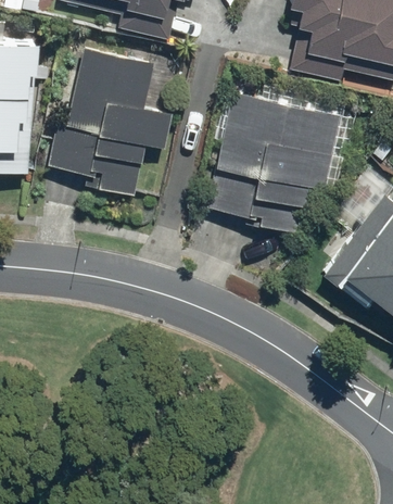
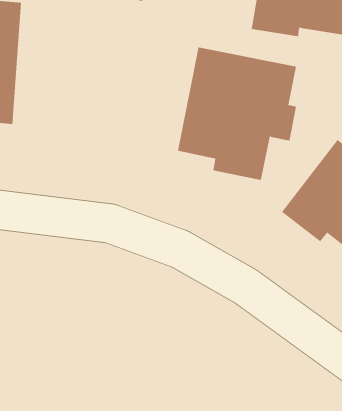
building: [47,48,175,199] -> none

